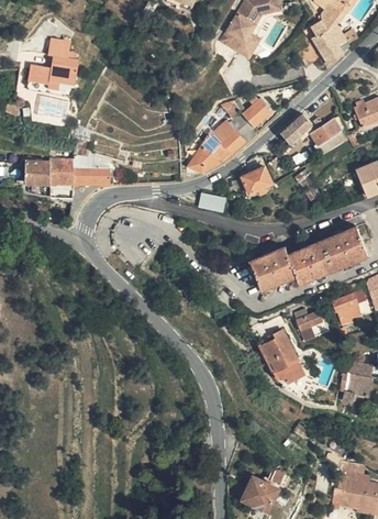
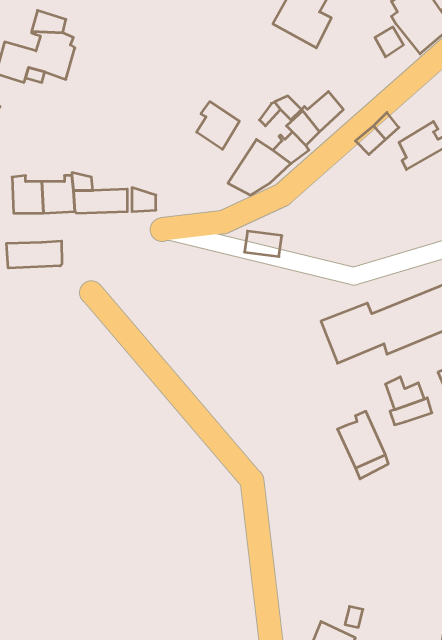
building: none -> [197,102,239,149]
building: [237,163,268,188] -> none
building: none -> [7,241,62,268]

